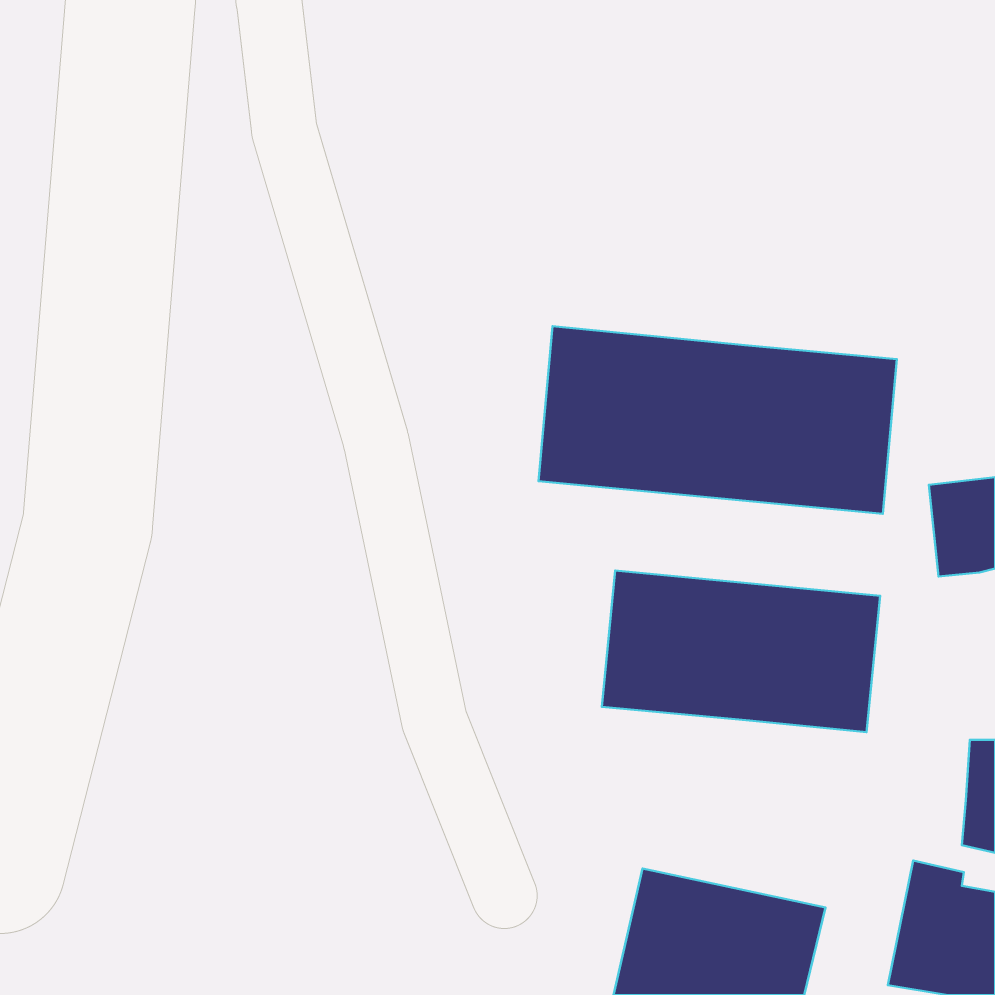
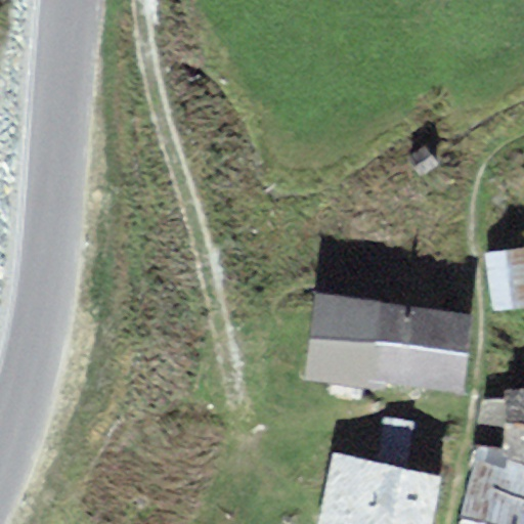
building: [539,326,897,514] -> none

